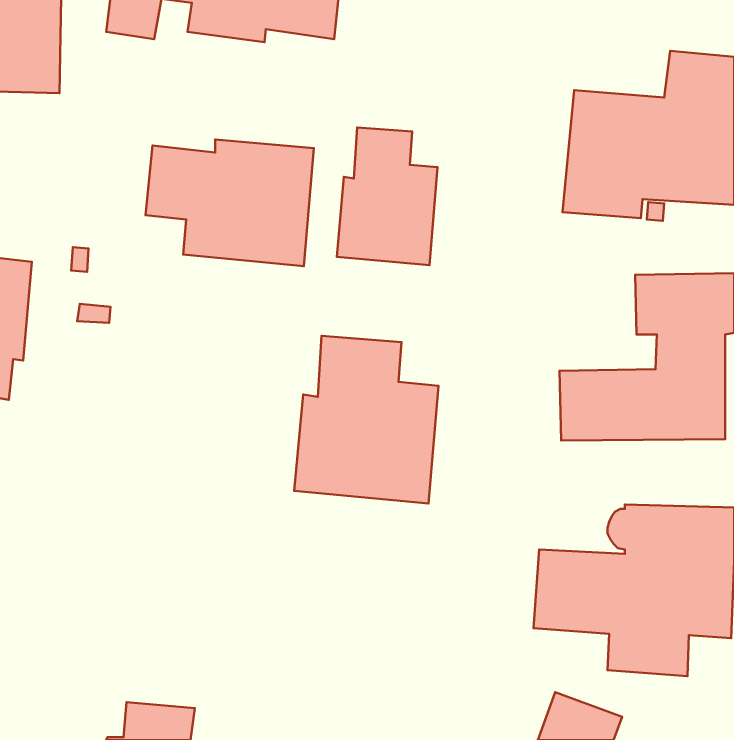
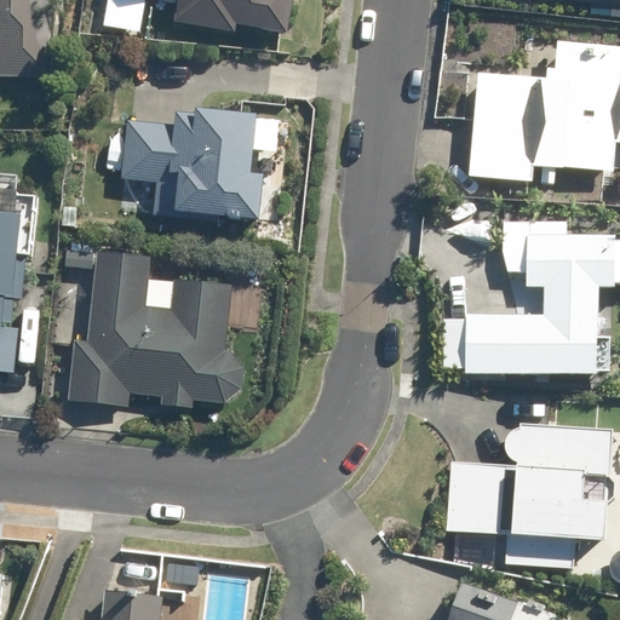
building: [337,128,437,265] -> none
building: none -> [69,253,245,408]
building: [294,336,438,504] -> none

